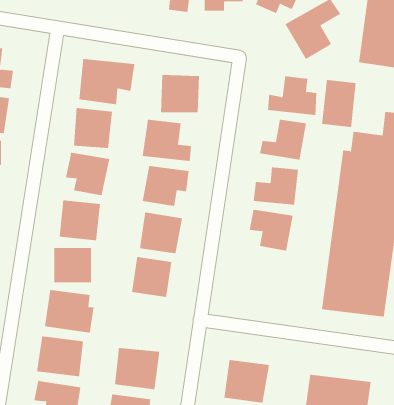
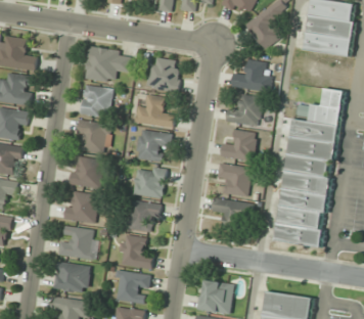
building: [321,79,356,128] -> none
building: none -> [213,199,247,227]
building: none -> [119,236,152,267]

